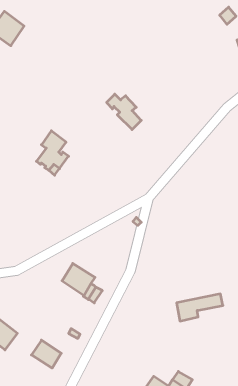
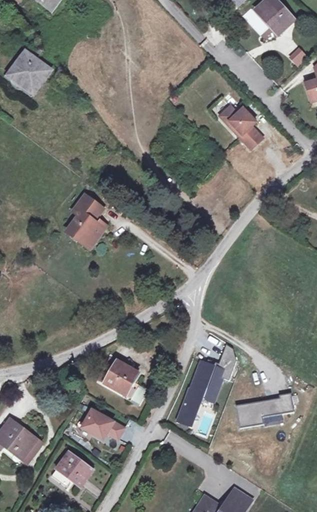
building: [107,94,141,130] -> [219,107,261,150]
building: none -> [174,357,222,424]
building: none -> [78,407,121,437]

